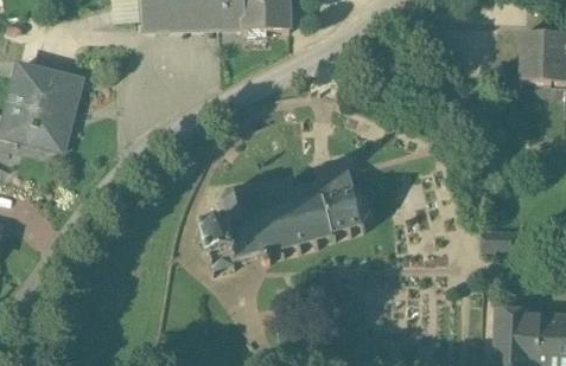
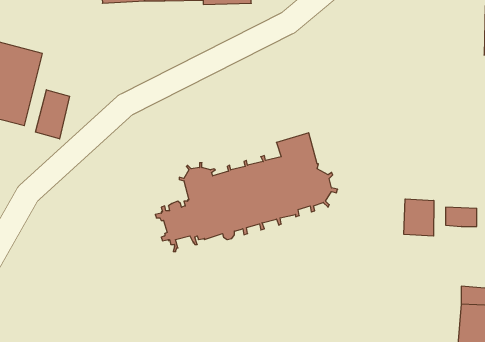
building: none -> [35,90,70,139]
building: none -> [404,199,434,236]

